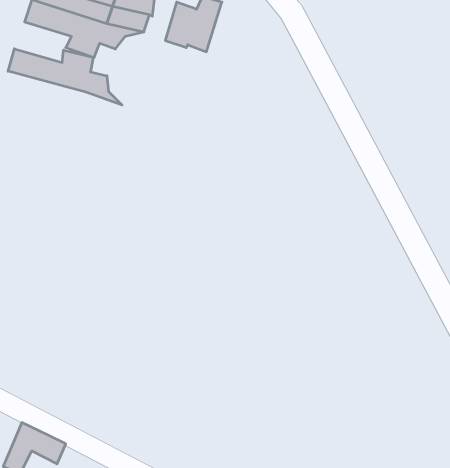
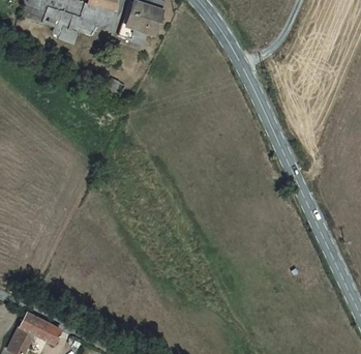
building: [8,49,122,105] -> none

